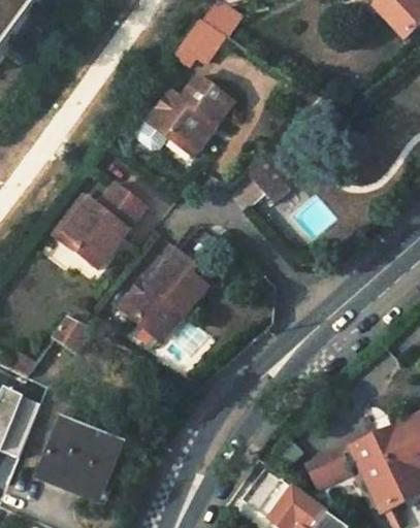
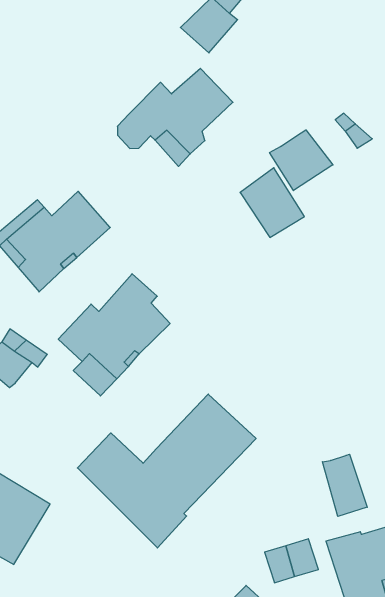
building: none -> [270,130,333,191]
building: none -> [77,394,256,548]
building: none -> [322,454,367,516]

